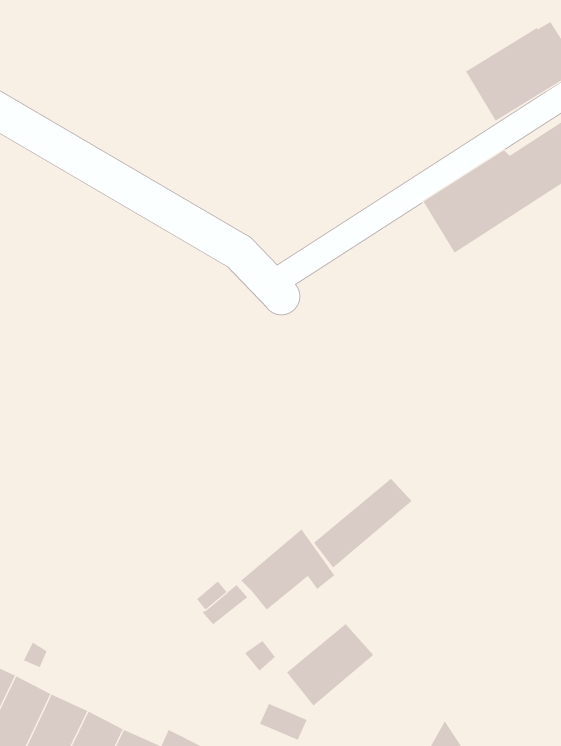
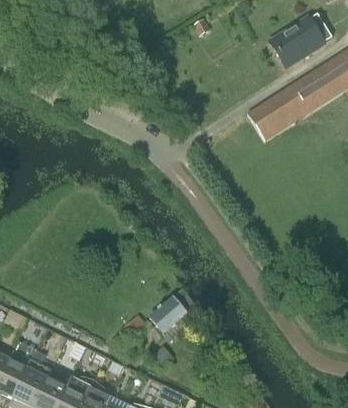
building: [313,478,413,569] -> none
building: [286,623,374,706] -> none

